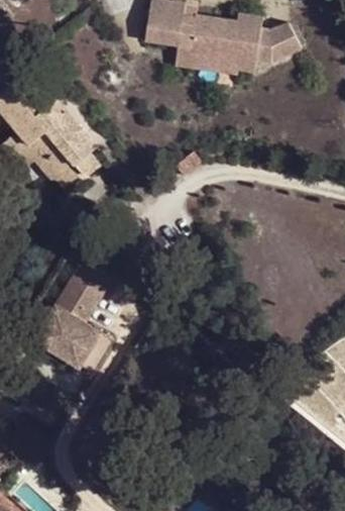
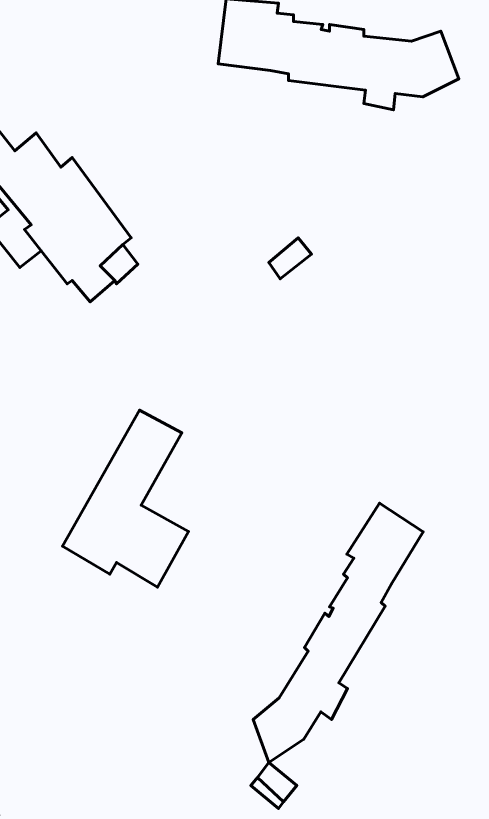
building: [174,46,234,74] -> none
building: none -> [253,503,423,763]

